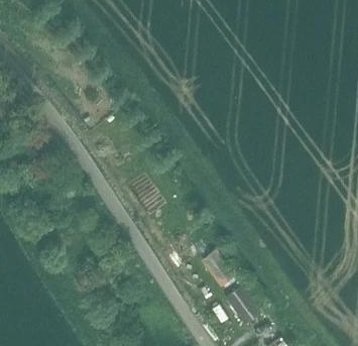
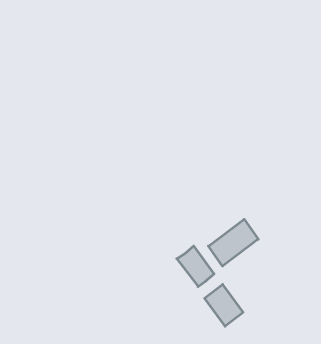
building: none -> [208,219,258,266]

